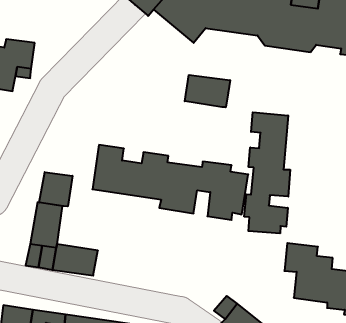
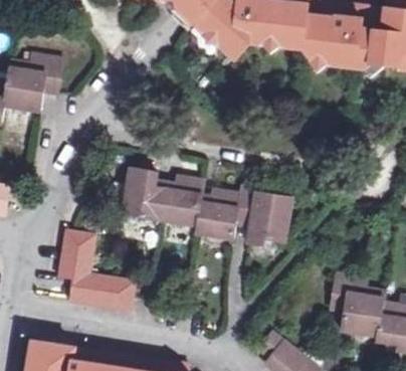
building: [185,75,230,107] -> none
building: [244,112,290,233] -> none
building: [39,172,72,206] -> none

